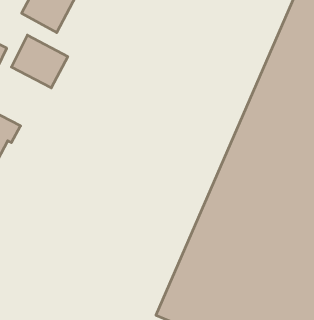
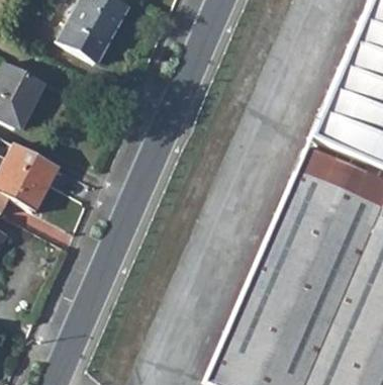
building: [11,35,68,88] -> none

